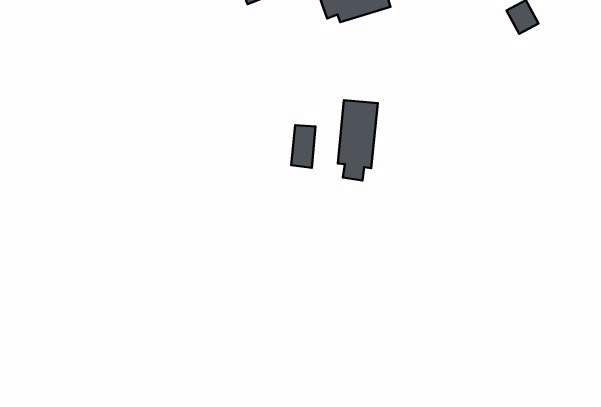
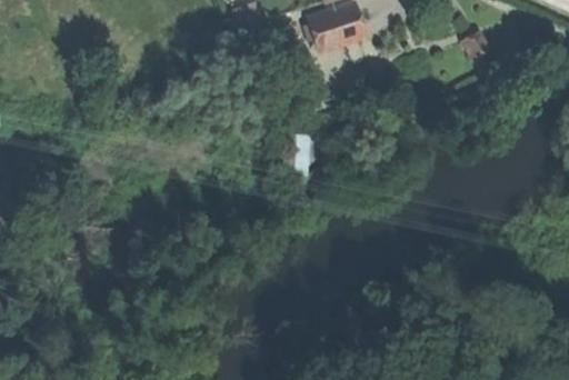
building: [338,100,378,180] -> none

